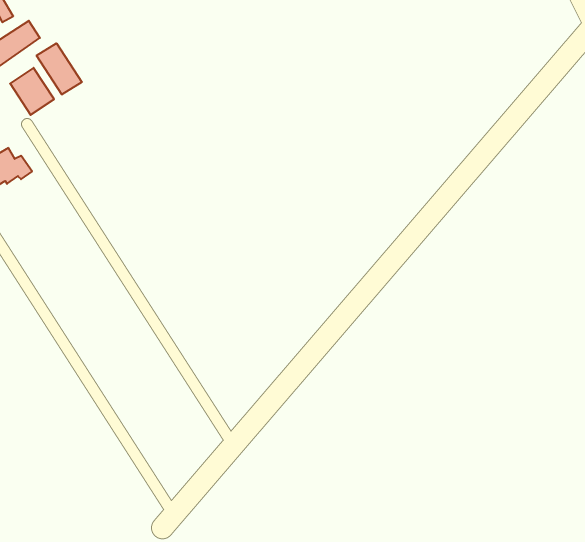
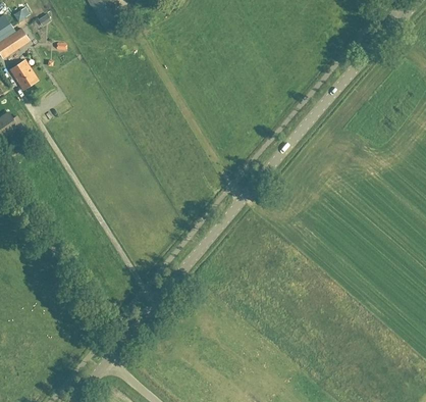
building: [37,43,82,95] -> none

